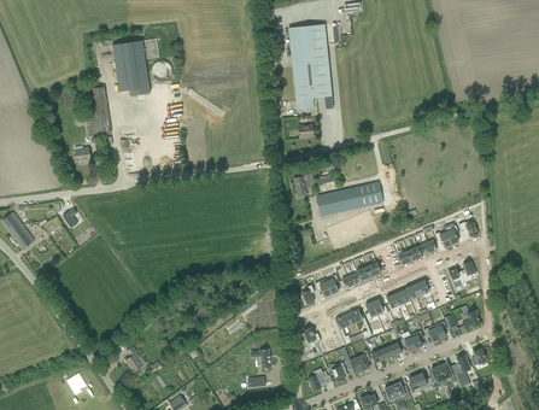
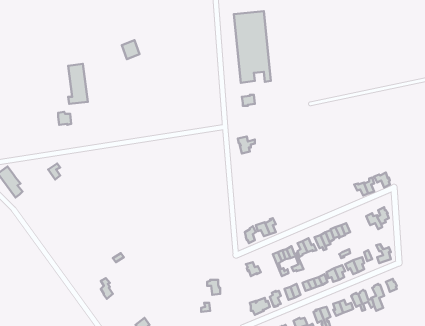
building: [112,40,150,95] -> none
building: [321,181,383,216] -> none

